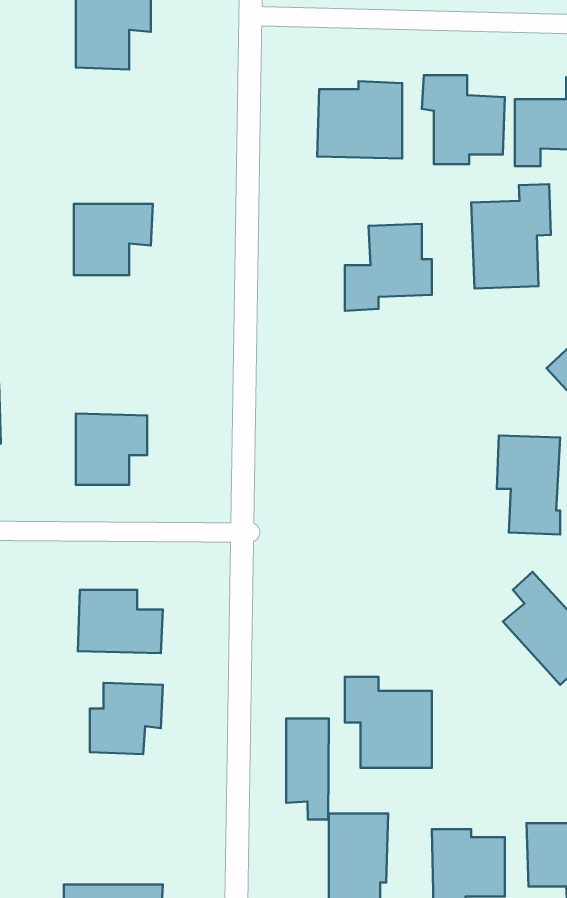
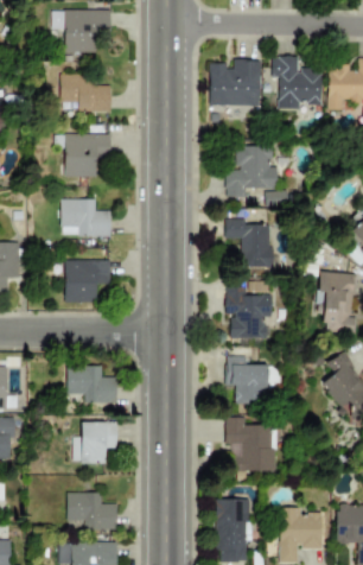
building: none -> [61,75,112,112]
building: [471,184,551,289] -> none
building: none -> [62,198,112,235]
building: none -> [227,218,273,267]
building: none -> [227,286,274,338]
building: none -> [227,356,269,402]
building: [286,719,329,819] -> none
building: none -> [66,491,117,529]

